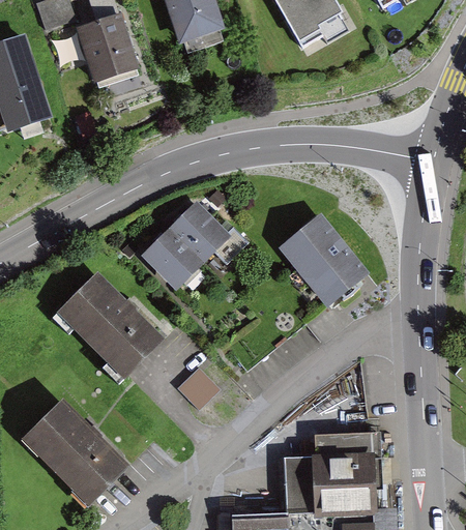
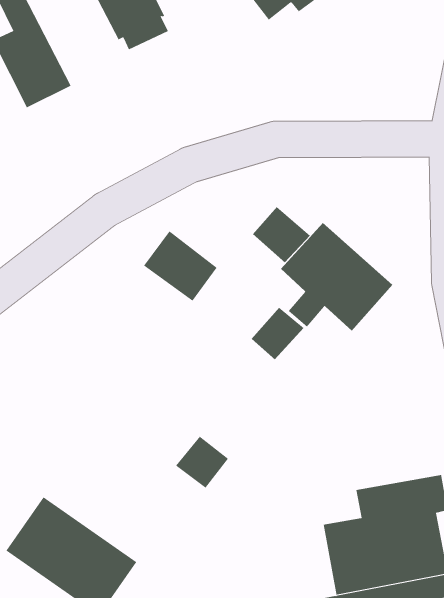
building: none -> [252,206,311,263]
building: [145,228,206,288] -> none
building: [61,268,167,372] -> none
building: none -> [251,307,305,360]

